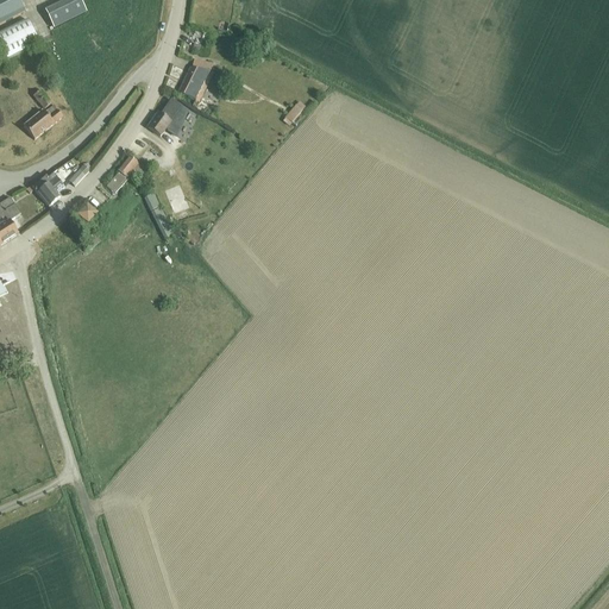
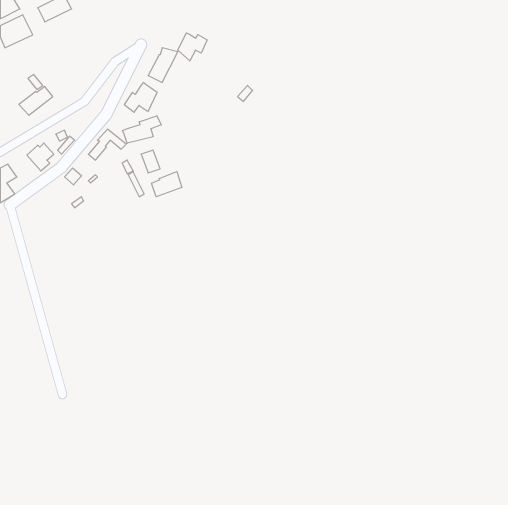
building: none -> [178,33,207,61]
building: none -> [123,116,161,143]
building: none -> [151,172,182,197]

